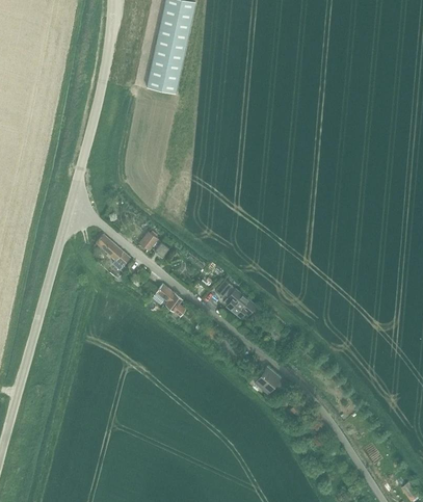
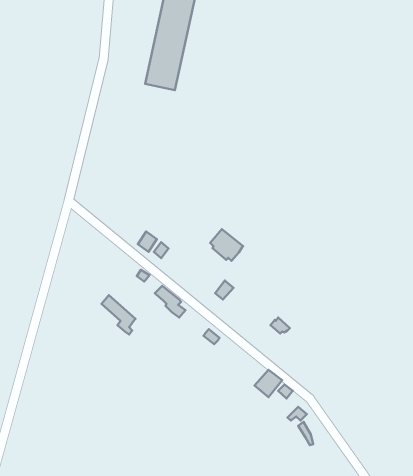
building: [96,234,129,272] -> [101,295,135,335]
building: [223,288,256,319] -> [210,229,243,261]

